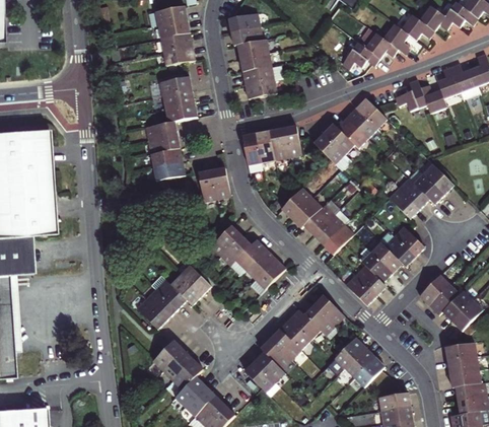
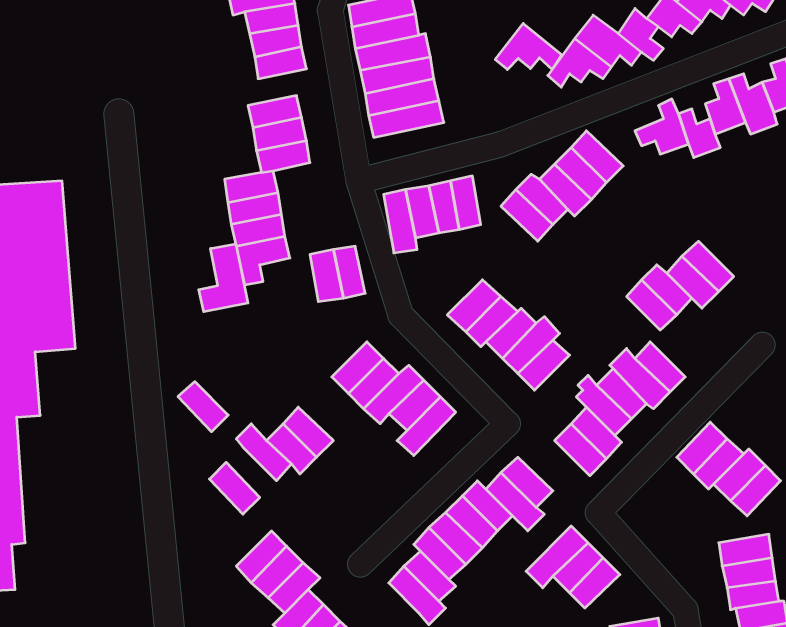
building: none -> [495,23,562,70]
building: none -> [199,244,248,312]
building: [146,289,177,319] -> [178,382,228,432]

